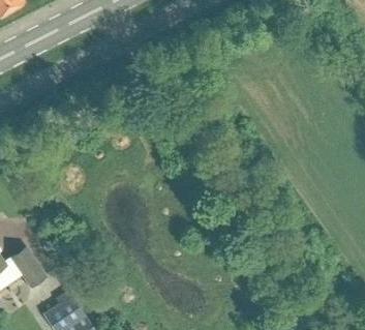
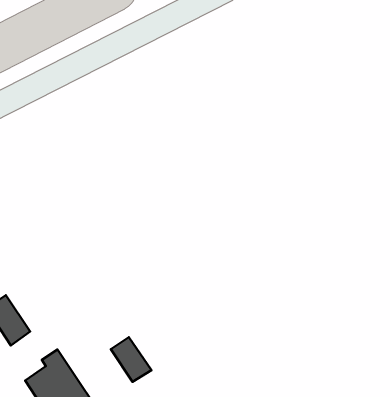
building: none -> [111,337,151,382]

